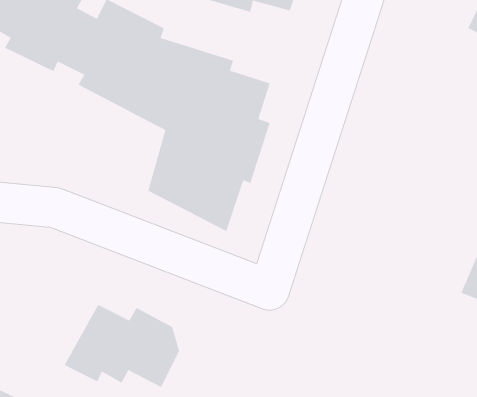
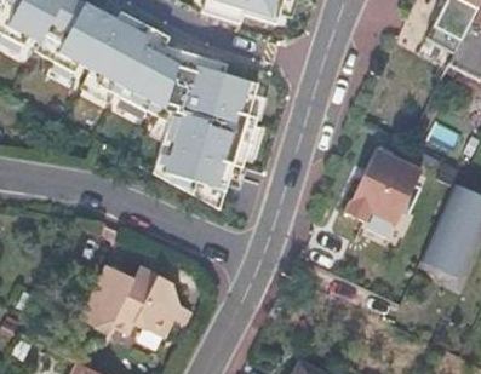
building: none -> [347,148,422,221]

